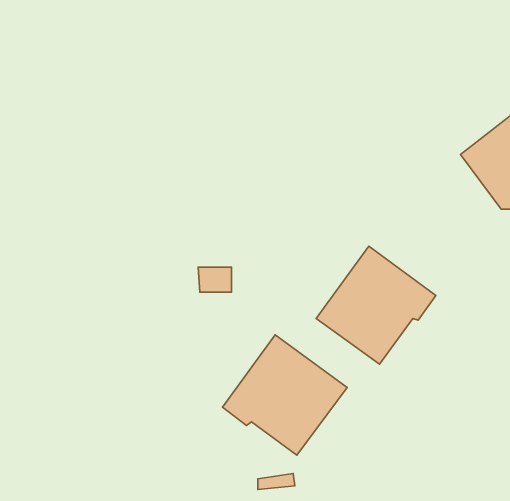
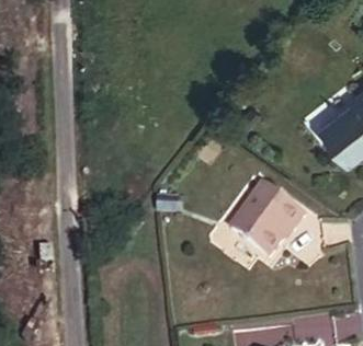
building: [223,335,347,455] -> none

